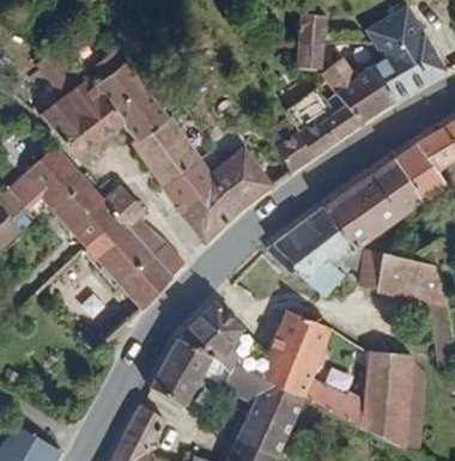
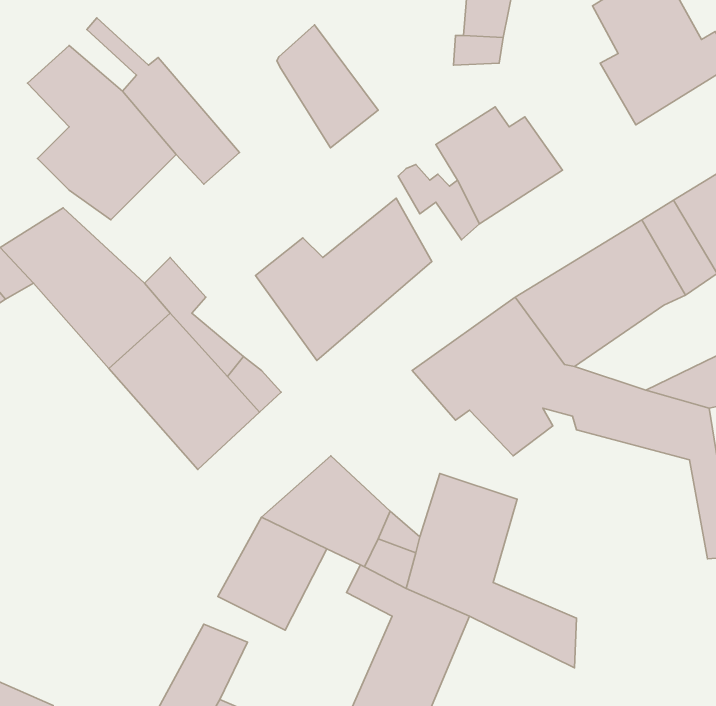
building: [316,59,400,127] -> none
building: [138,116,199,190] -> [277,25,378,148]
building: [363,347,410,445] -> none

